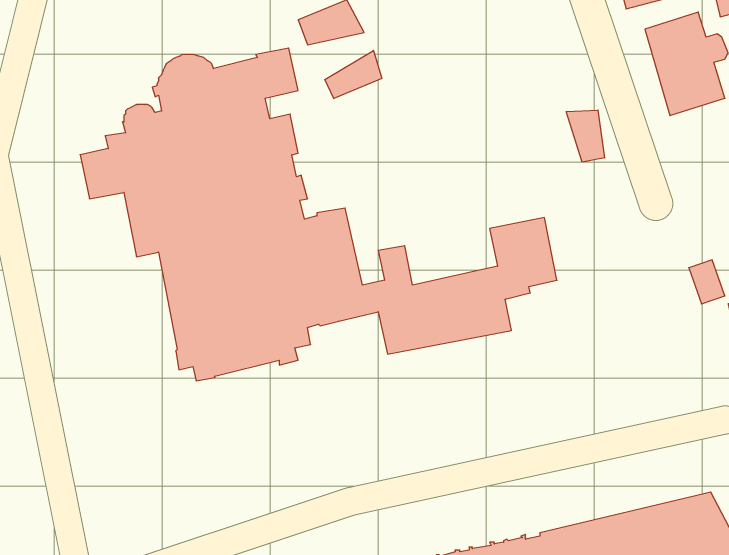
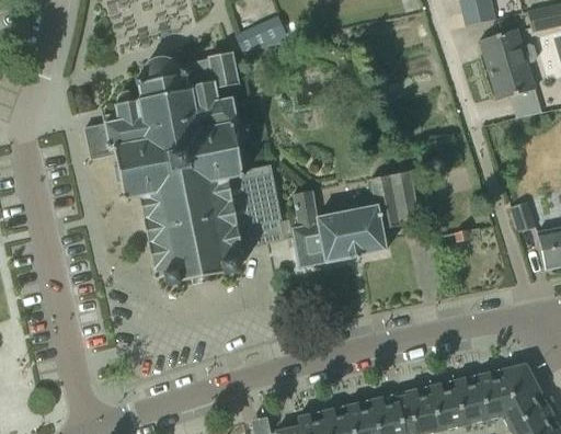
building: [325,50,382,99] -> none
building: [566,110,605,162] -> none

